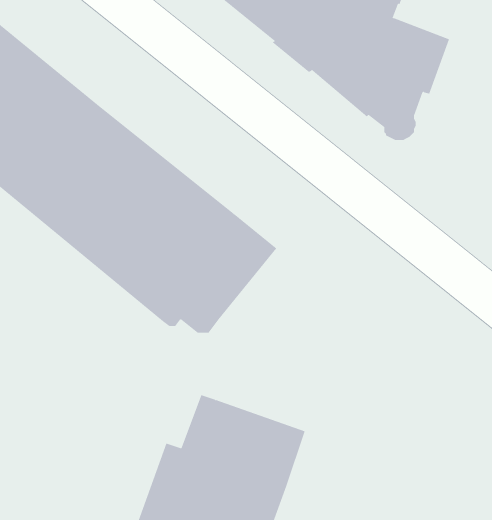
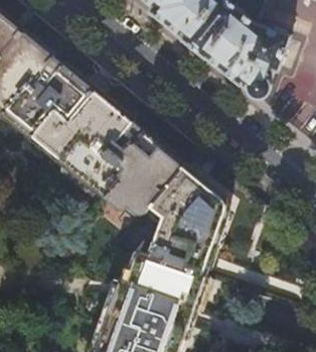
building: none -> [142,161,220,272]

